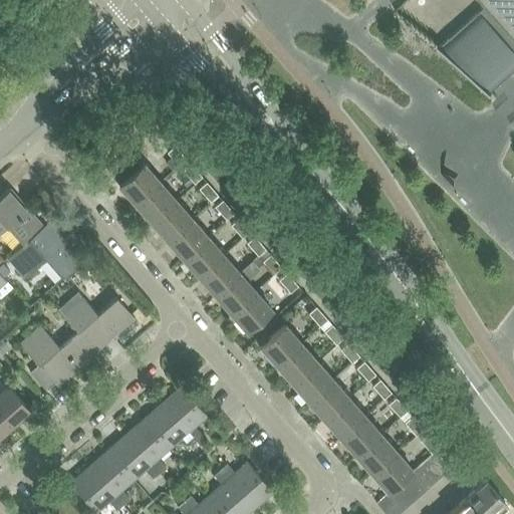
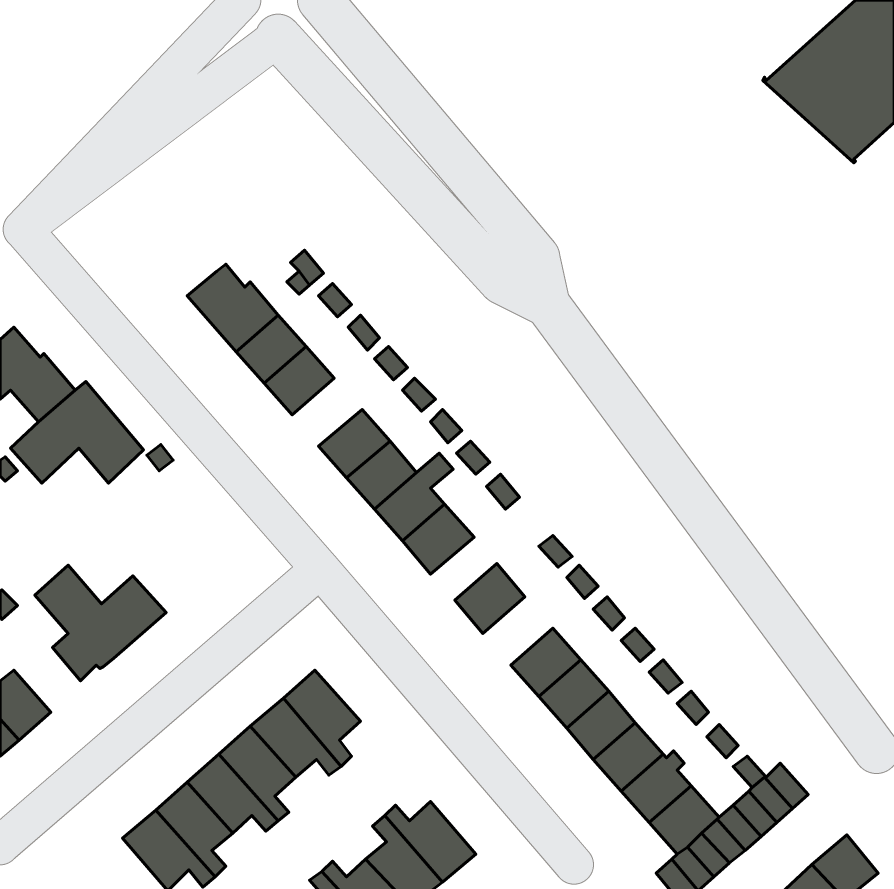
building: [168,220,208,259] -> none
building: [57,294,135,354] -> none
building: [277,345,317,384] -> none

